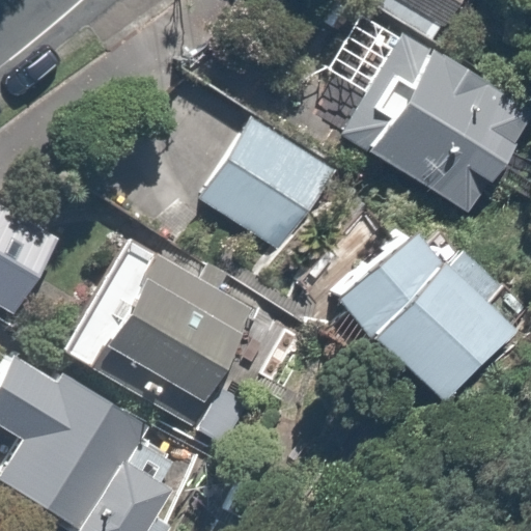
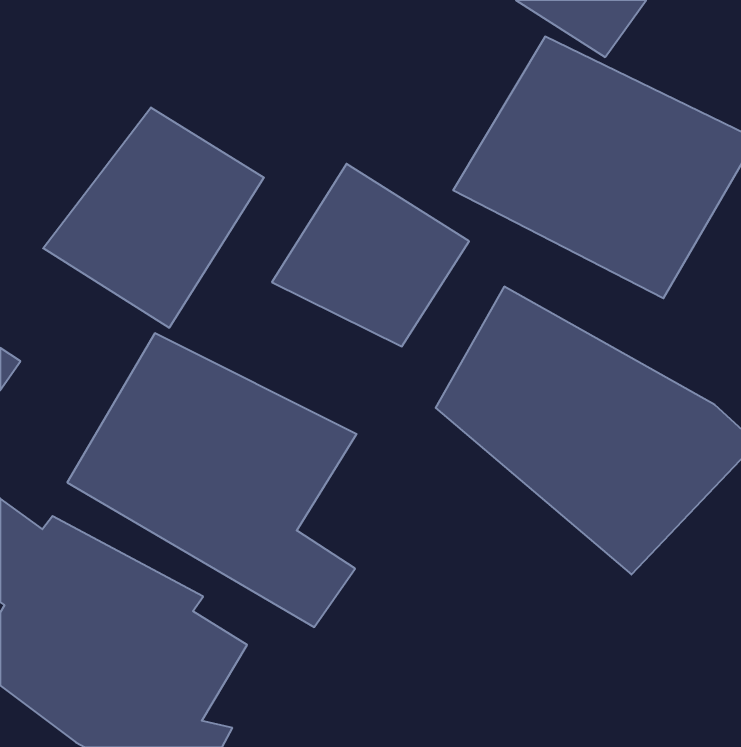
building: none -> [43,107,264,328]

